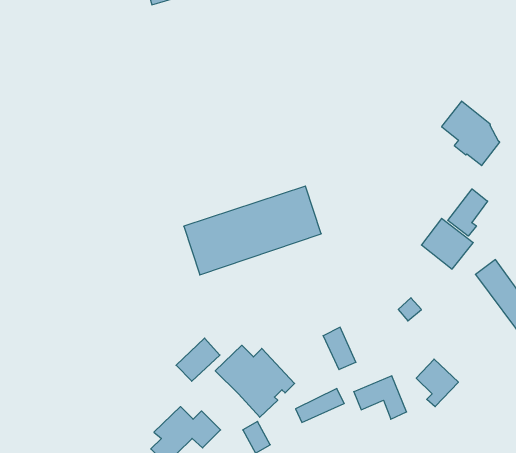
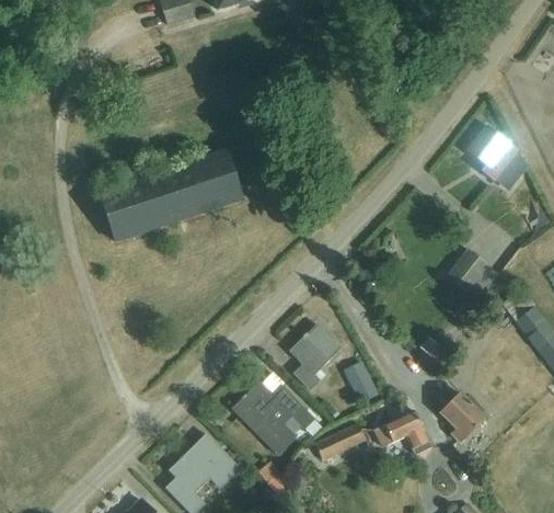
building: [184,186,321,275] -> [97,150,240,242]
building: [448,189,488,236] -> none
building: none -> [281,324,339,390]
building: [176,338,220,381] -> none

